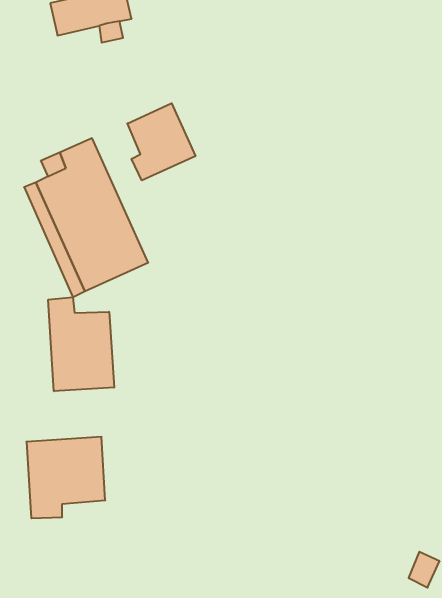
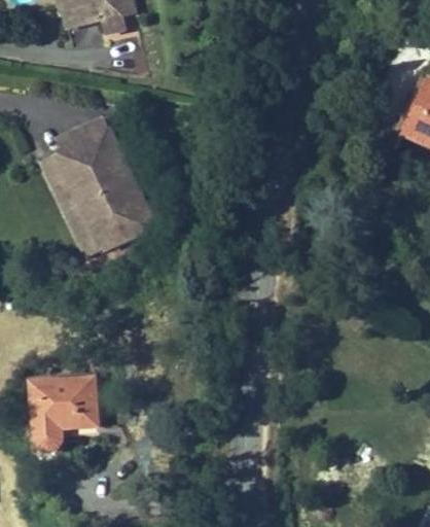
building: [127,103,195,180] -> none
building: [48,297,114,391] -> none

